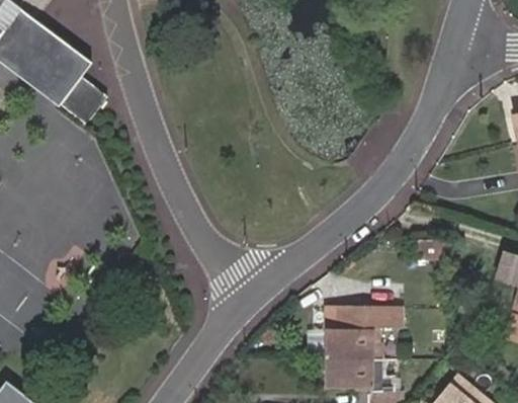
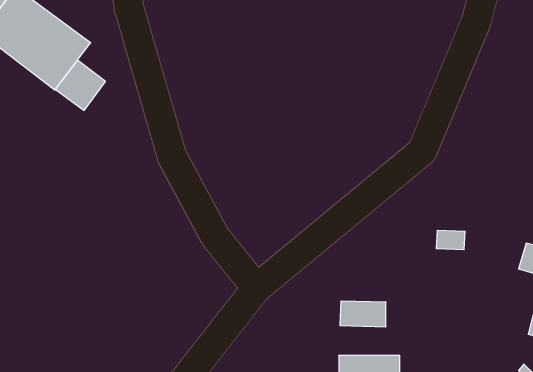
building: [327,308,399,358] -> none

